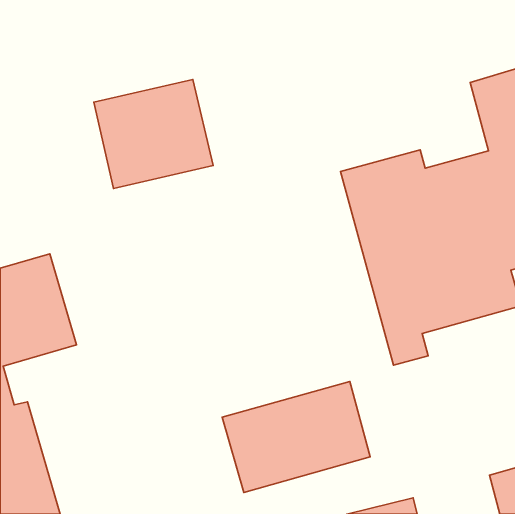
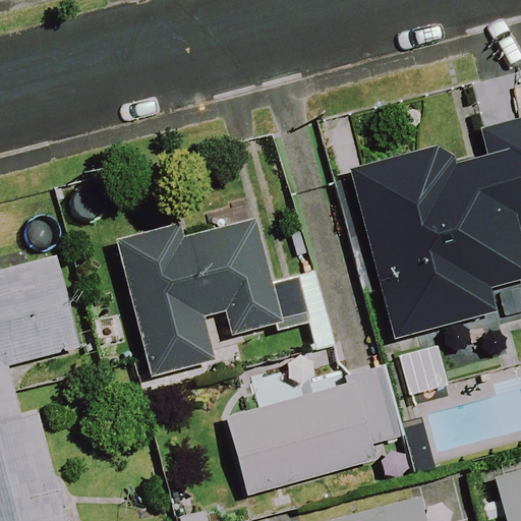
building: [94,80,213,188] -> none
building: none -> [119,220,317,375]

